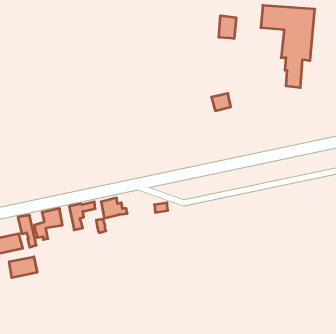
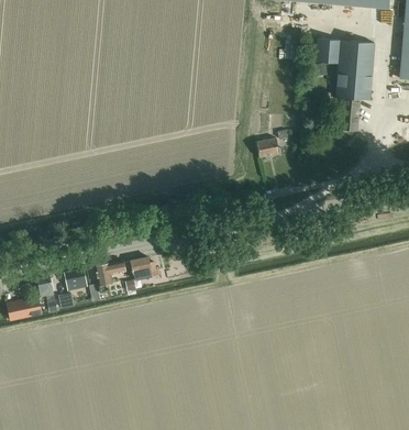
building: [219,16,236,39] -> none
building: [9,257,37,278] -> none

